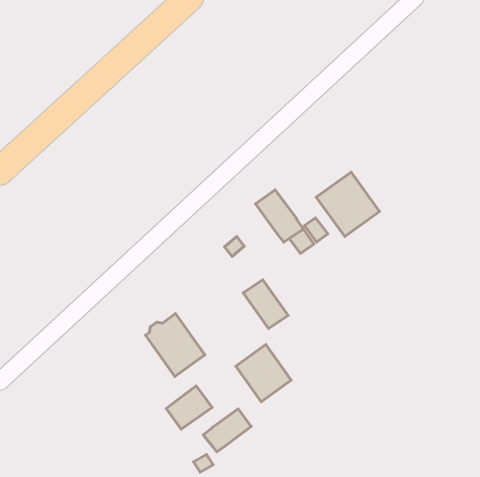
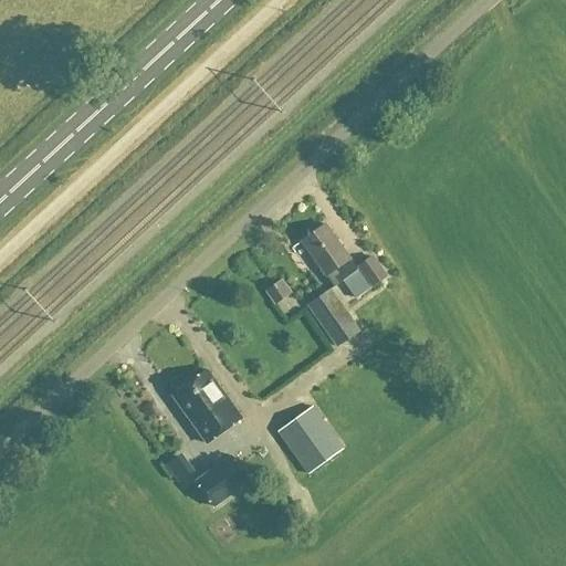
building: [316,172,380,236] -> none
building: [243,280,288,329] -> [307,289,360,346]
building: [203,409,251,452] -> none

